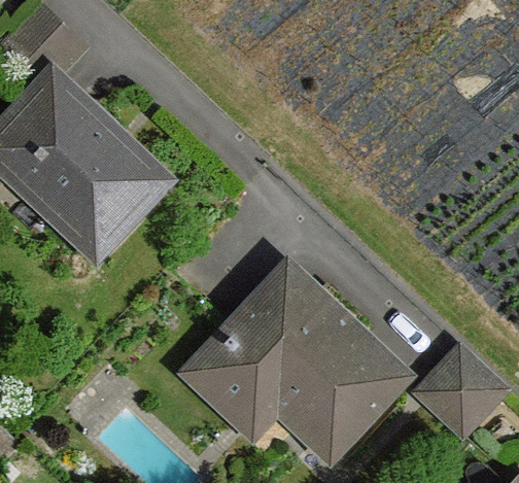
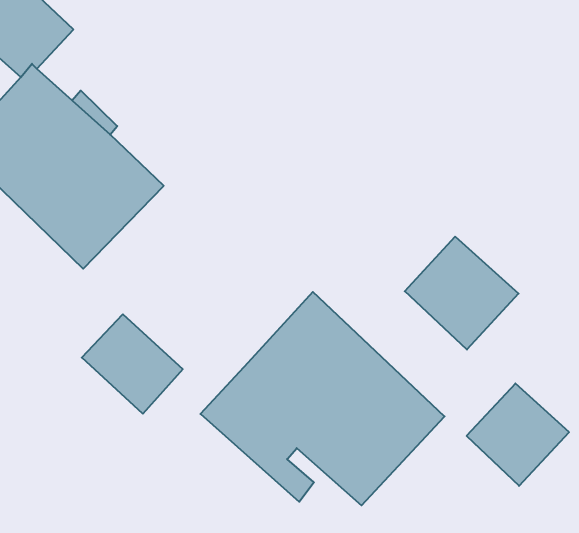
building: none -> [405,237,519,350]
building: none -> [82,314,183,414]

